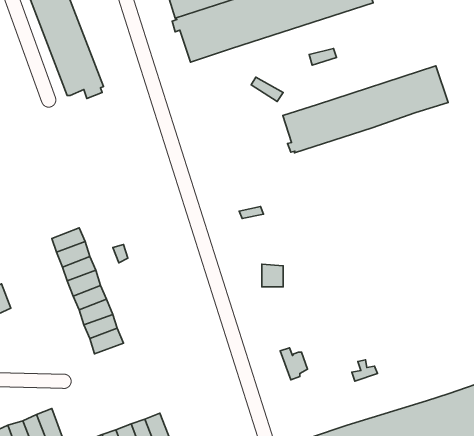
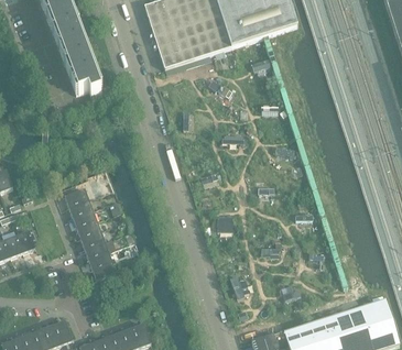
building: [283,66,448,153] -> none

